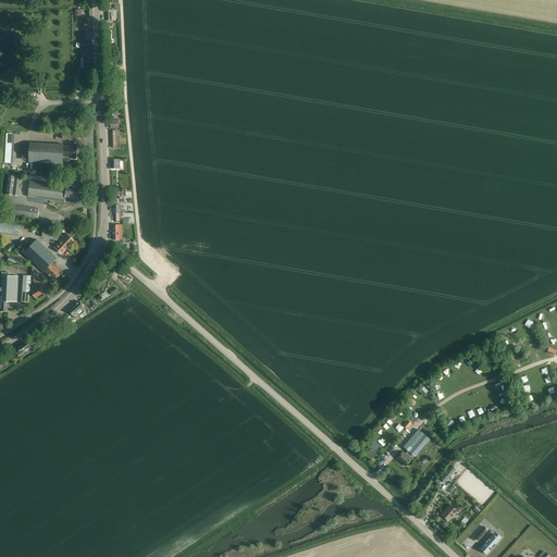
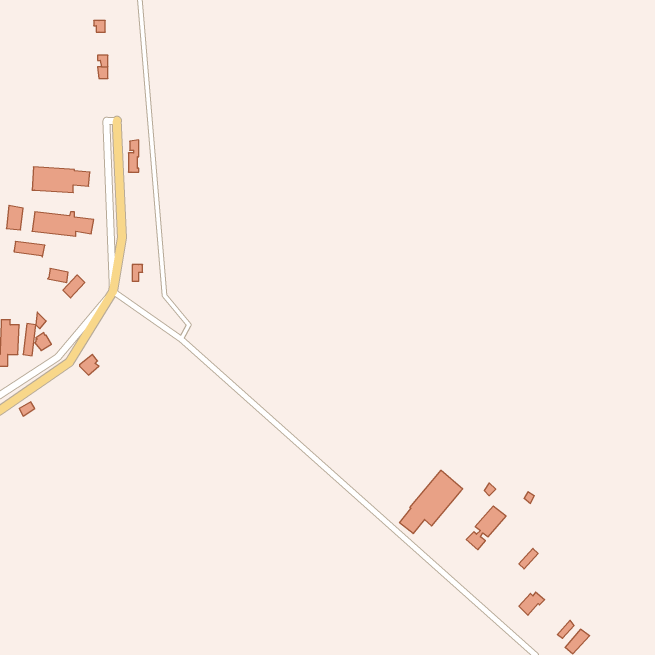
building: [20,238,60,281] -> none
building: none -> [400,470,463,534]

